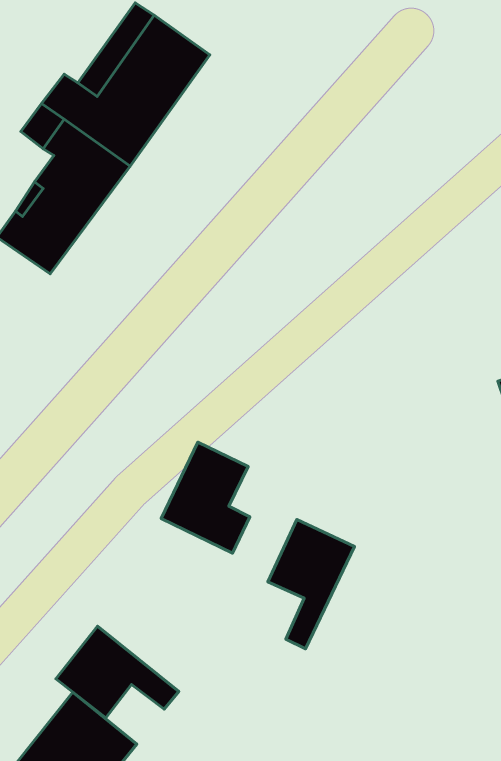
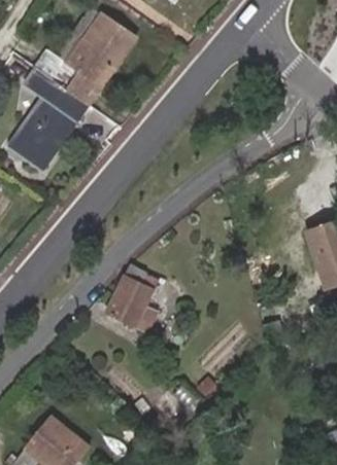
building: [268,519,354,649] -> none
building: [56,626,179,718] -> none

